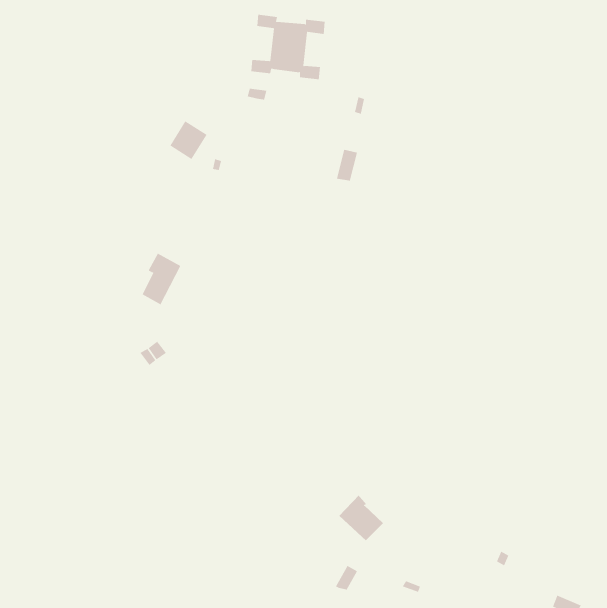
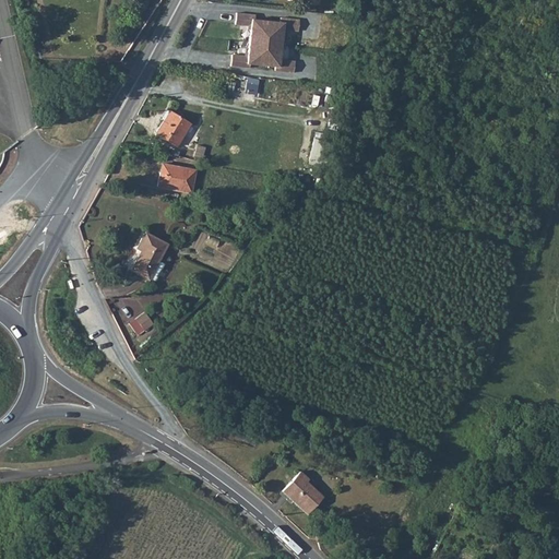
building: none -> [159,165,197,193]
building: [339,495,384,541] -> [283,472,324,514]

